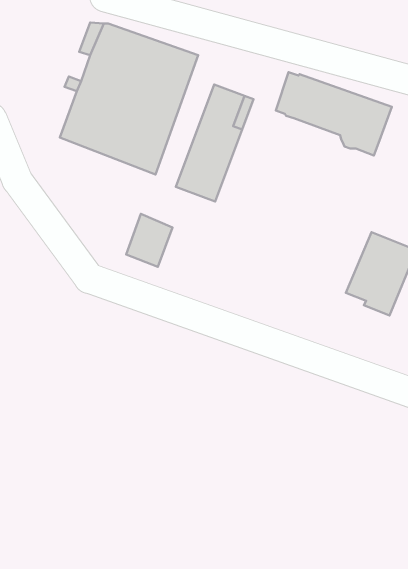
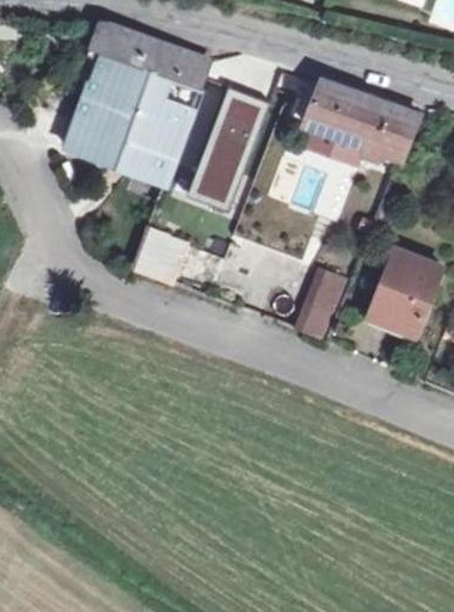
building: none -> [306,127,363,166]
building: none -> [292,263,339,333]

